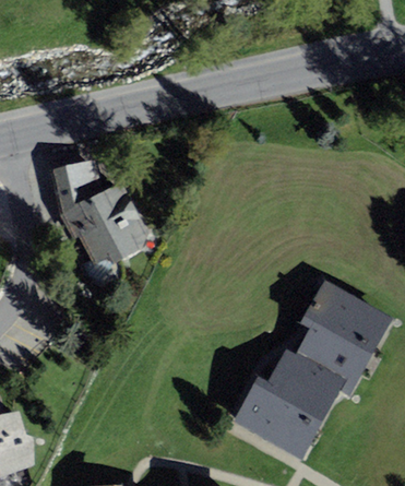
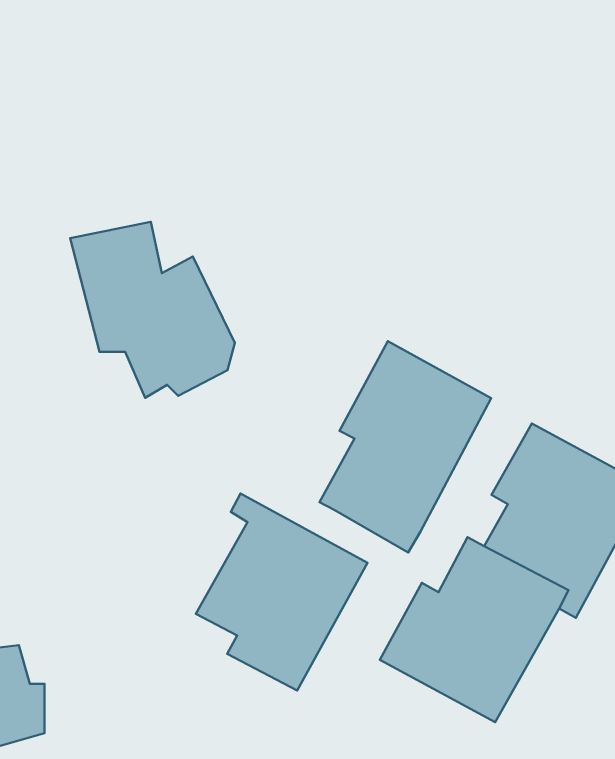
building: none -> [319,341,491,553]
building: none -> [196,493,367,691]

